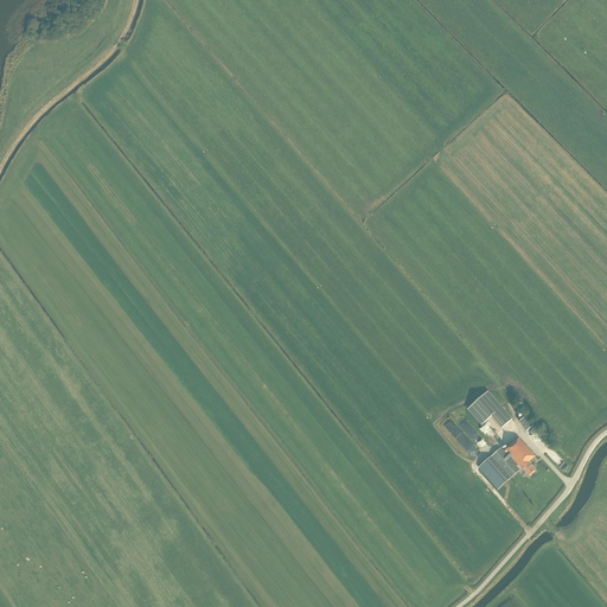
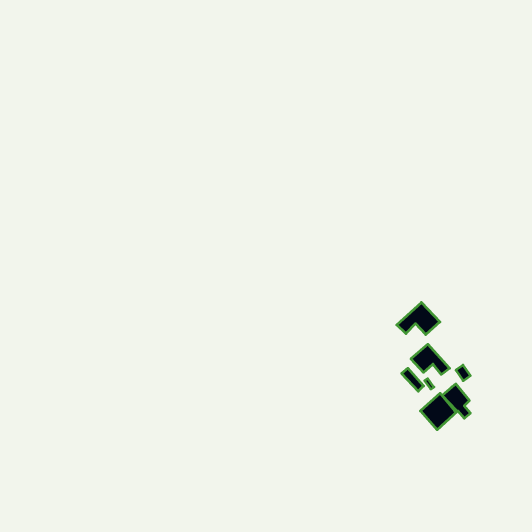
building: none -> [397,302,440,335]

